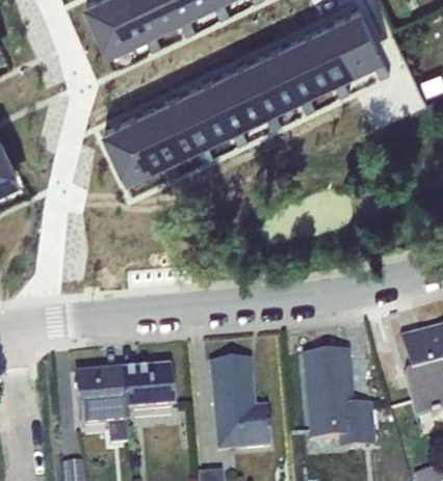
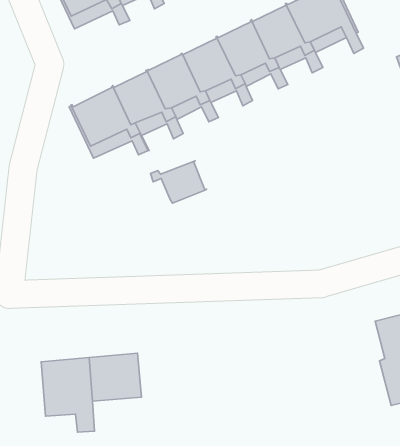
building: none -> [150,161,207,203]
building: [304,355,376,453] -> none
building: [210,364,271,456] -> none

